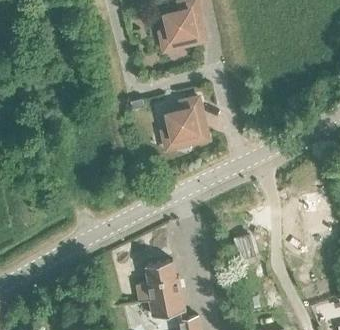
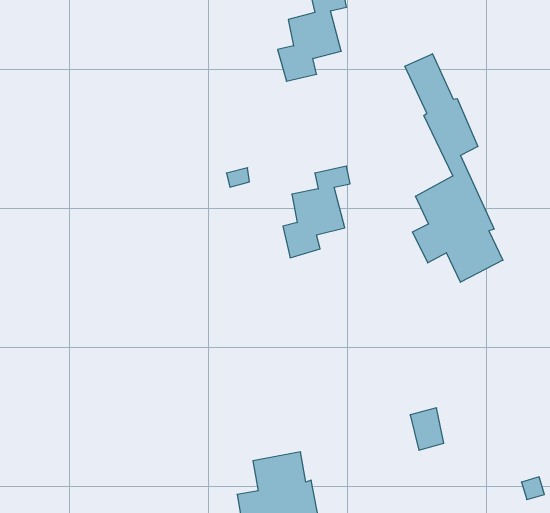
building: none -> [405,54,503,282]

